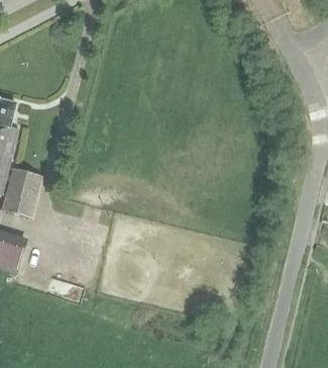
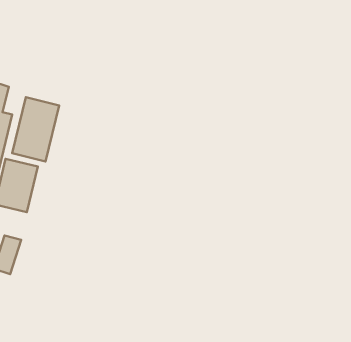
building: none -> [12,97,59,161]

